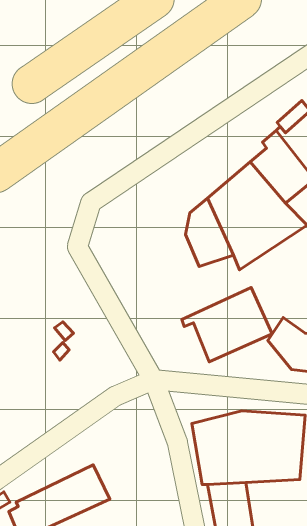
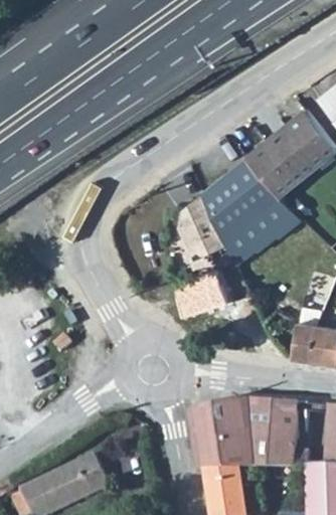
building: [182,287,272,362] -> none

